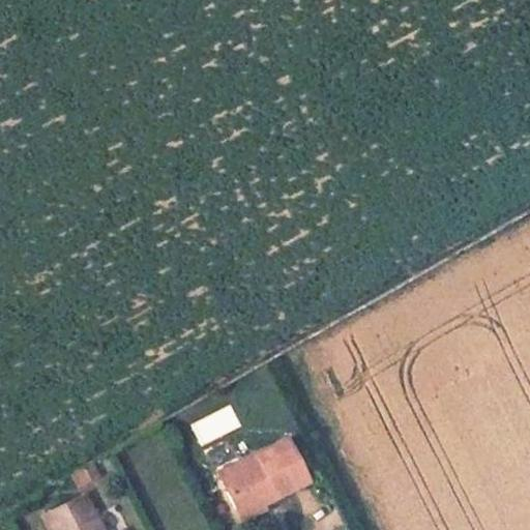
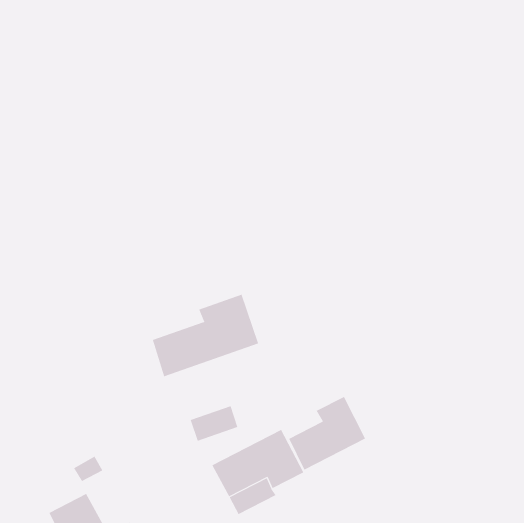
building: none -> [152,294,259,377]
building: none -> [289,396,366,471]

